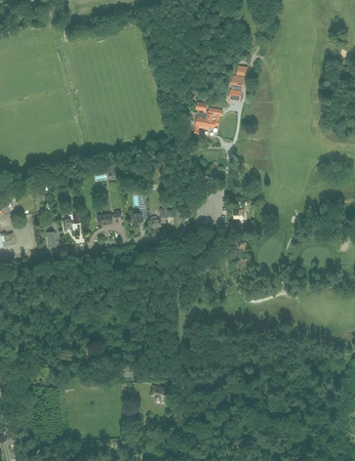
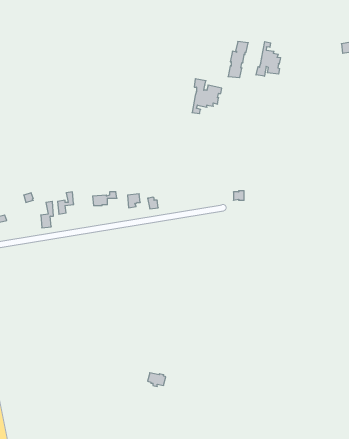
building: none -> [256,42,281,76]

